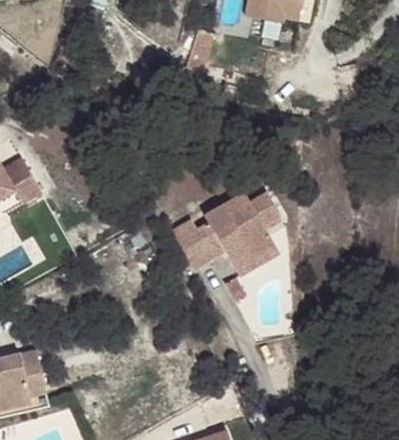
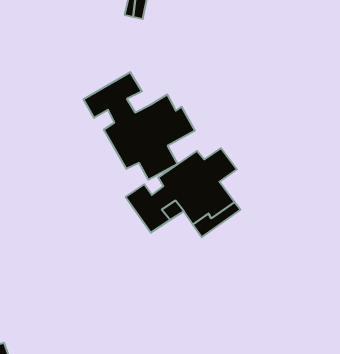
building: none -> [84,72,195,180]

